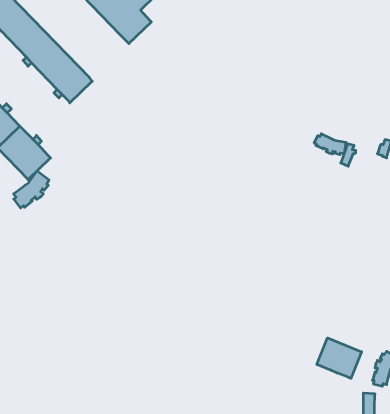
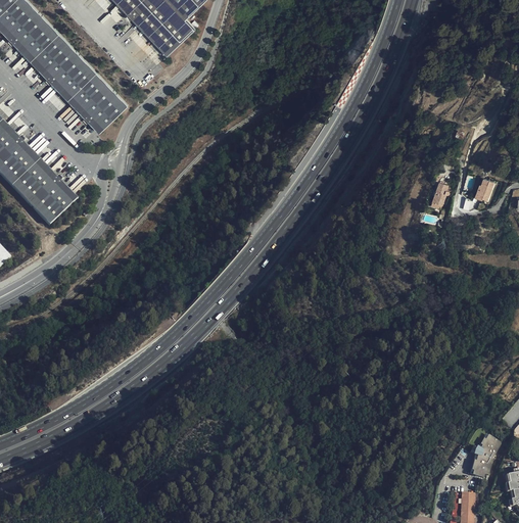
building: [314,134,346,155] -> none
building: [14,171,49,208] -> none
building: [317,338,362,378] -> none

